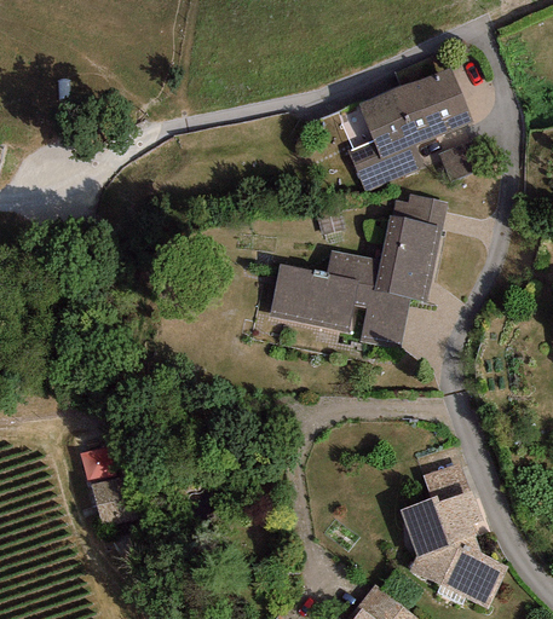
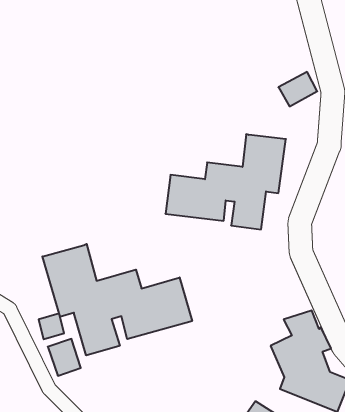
building: [346,66,472,192] -> none
building: [392,193,448,226] -> none
building: none -> [42,244,192,355]

